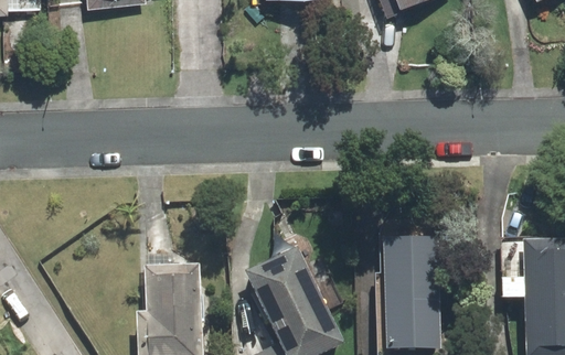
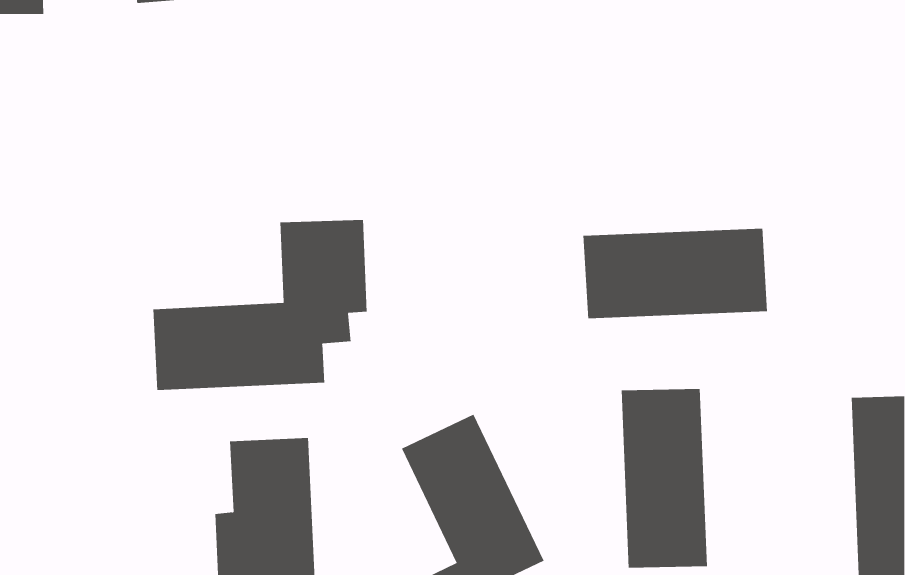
building: none -> [153,219,367,391]
building: none -> [583,228,768,319]

